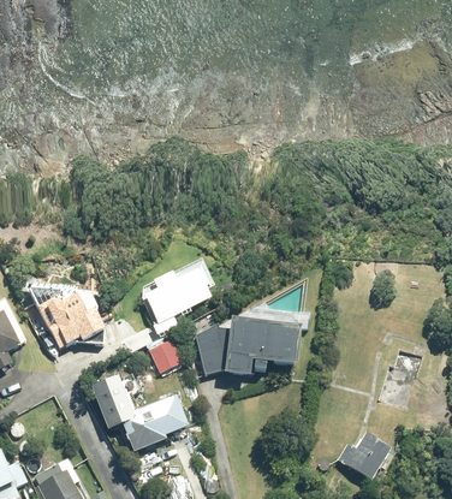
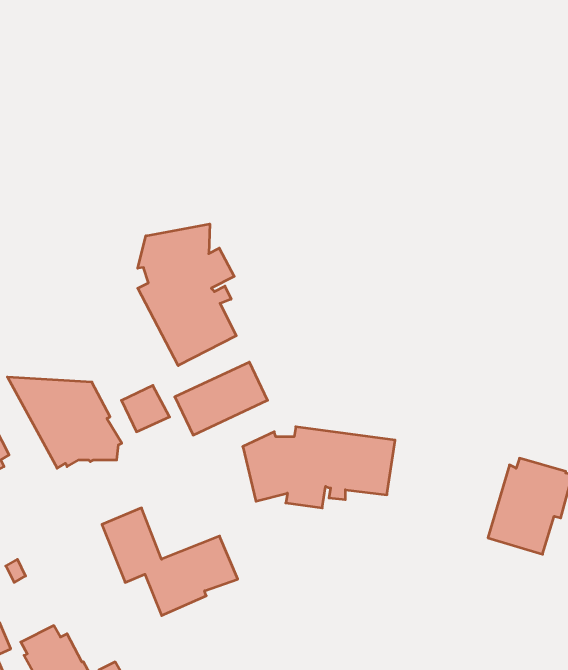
building: none -> [138,224,236,366]
building: [147,337,182,370] -> [121,385,170,432]
building: [334,429,389,477] -> none

